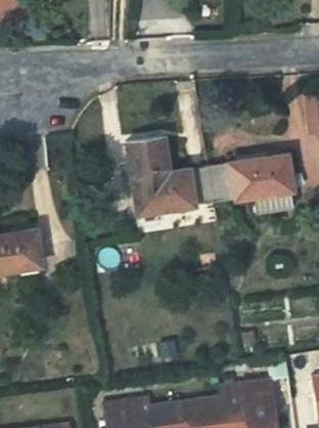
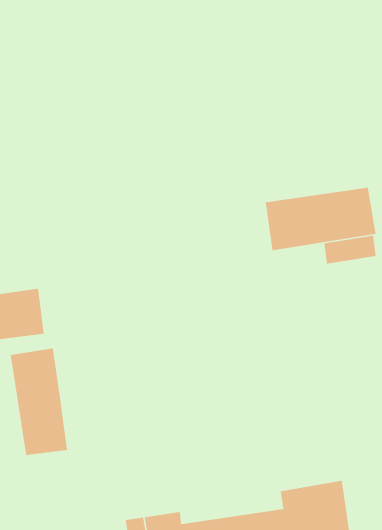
building: [127,139,214,215] -> none
building: none -> [10,347,68,456]

